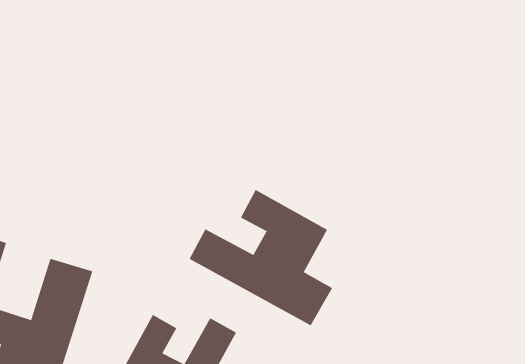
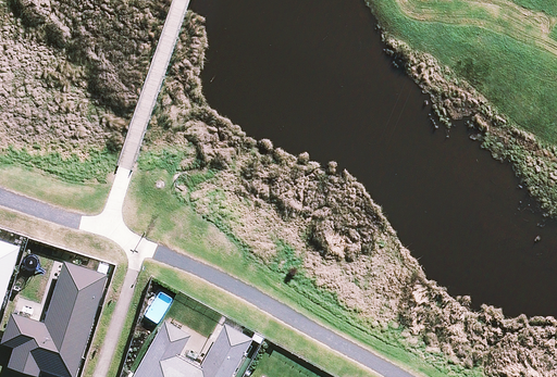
building: [189,189,333,326] -> none

